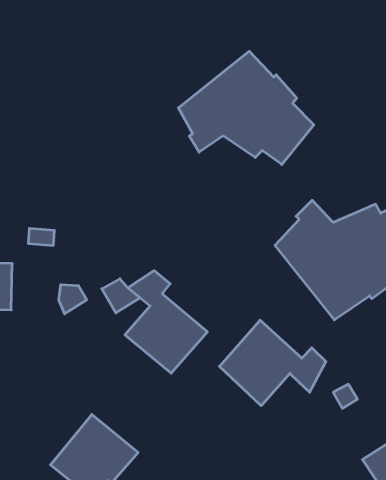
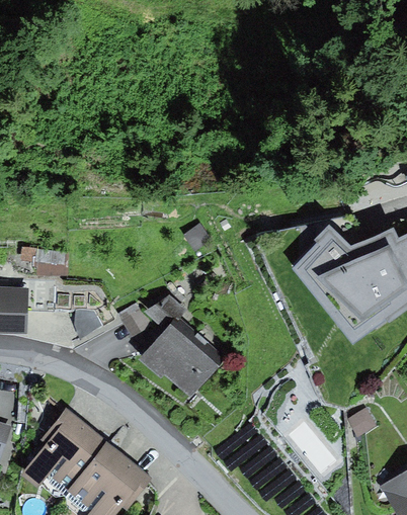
building: [178,51,314,165] -> none
building: [219,320,326,406] -> none
building: none -> [21,407,107,490]

